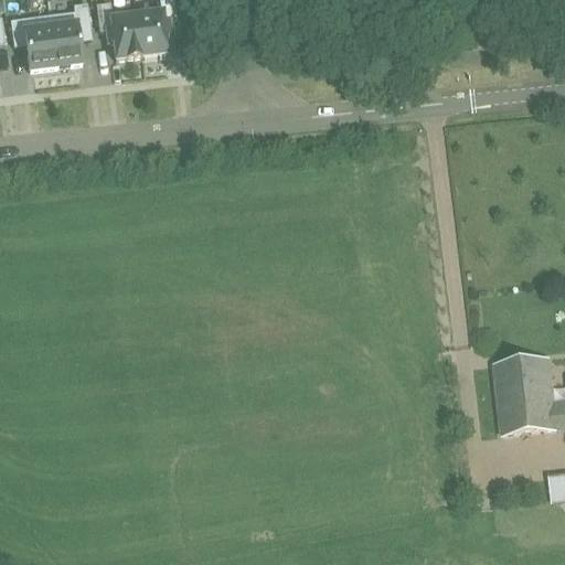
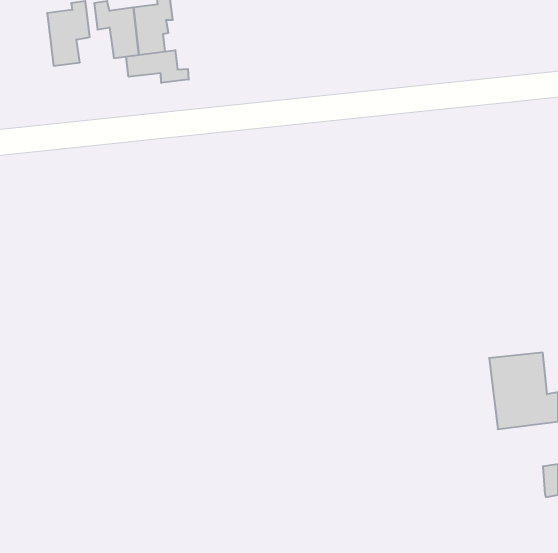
building: [9,13,54,70] -> none
building: none -> [126,50,189,83]

